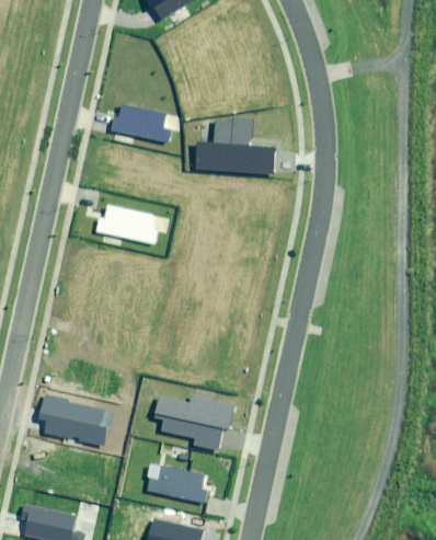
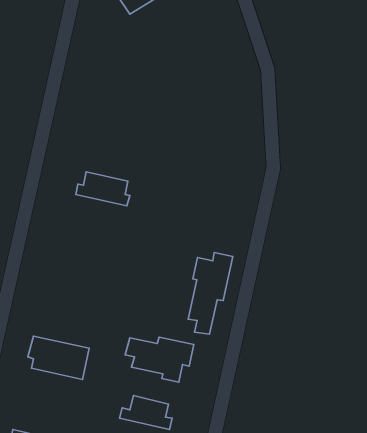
building: [111,103,169,142] -> none
building: [196,117,275,174] -> none
building: none -> [188,252,233,334]

